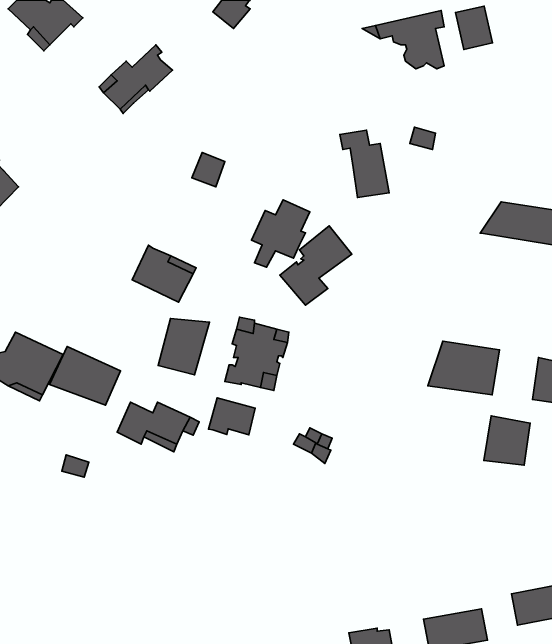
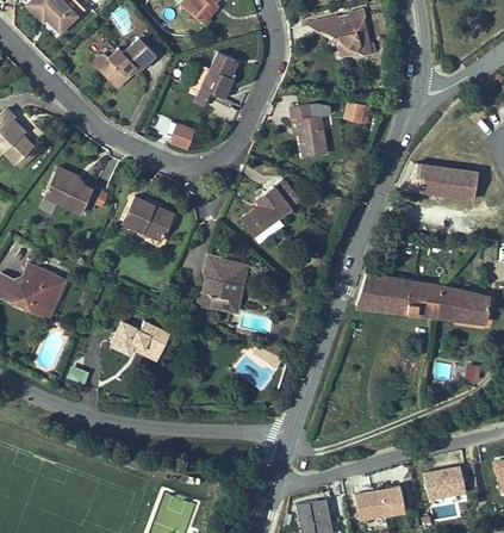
building: [456,6,492,49] -> none
building: [252,200,310,267] -> [192,55,238,109]
building: none -> [44,172,94,215]
building: [158,318,210,375] -> none
building: [49,346,121,405] -> none
building: [209,398,255,435] -> none
building: [484,416,530,465] -> [410,280,447,320]

